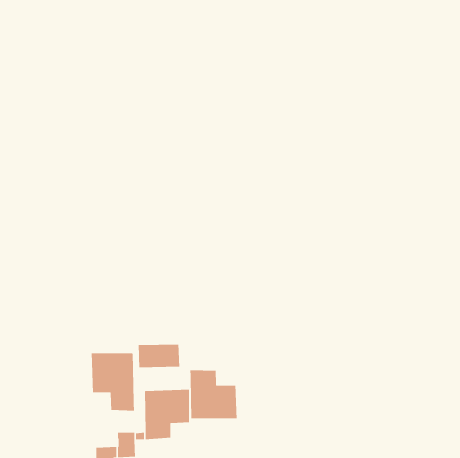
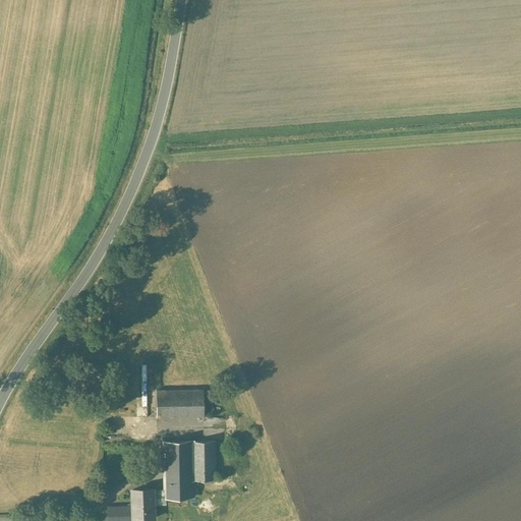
building: [91,353,135,411] -> none
building: [189,369,238,419] -> none

